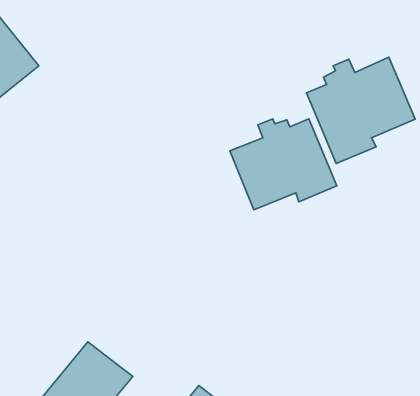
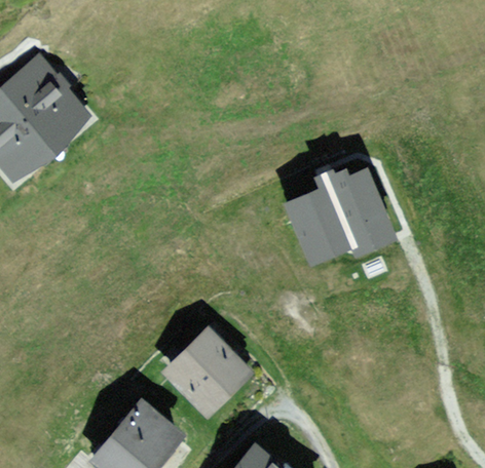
building: [307,57,415,163] -> none
building: none -> [160,326,253,419]

